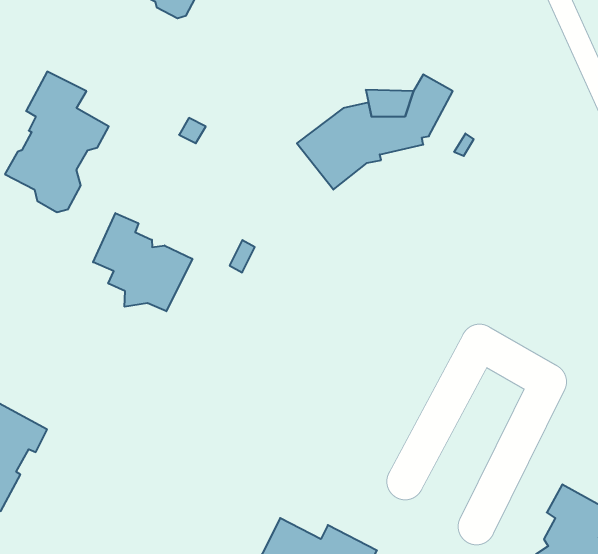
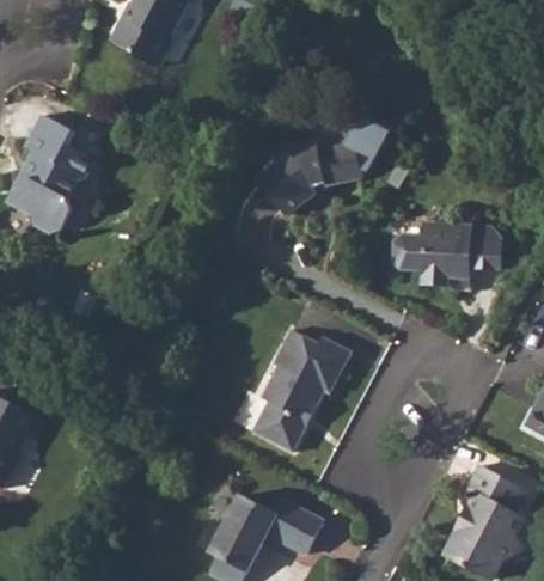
building: none -> [393,222,501,287]
building: [93,213,192,311] -> none
building: none -> [253,329,350,452]

